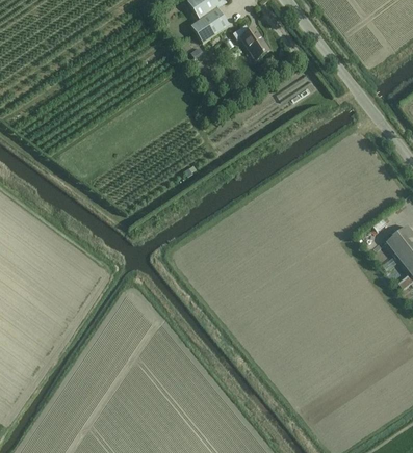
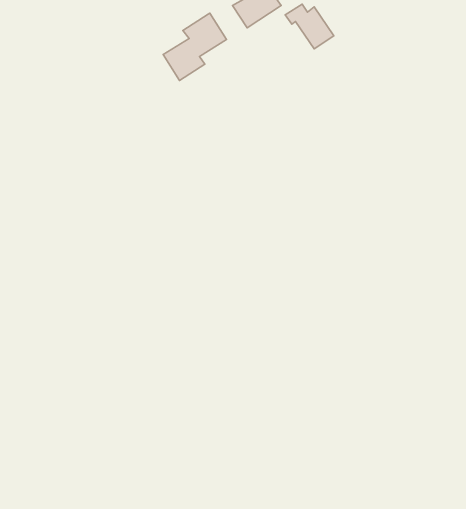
building: none -> [163,13,227,81]

